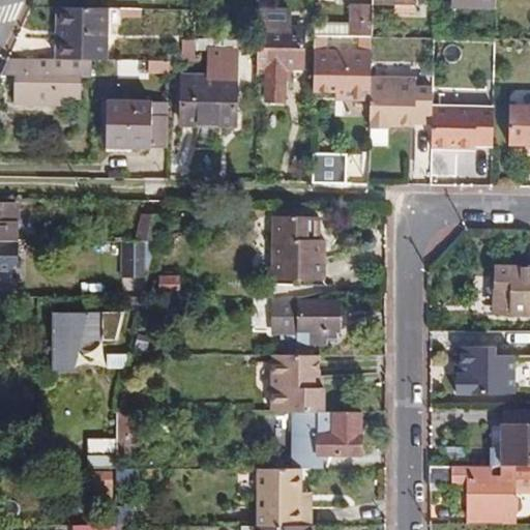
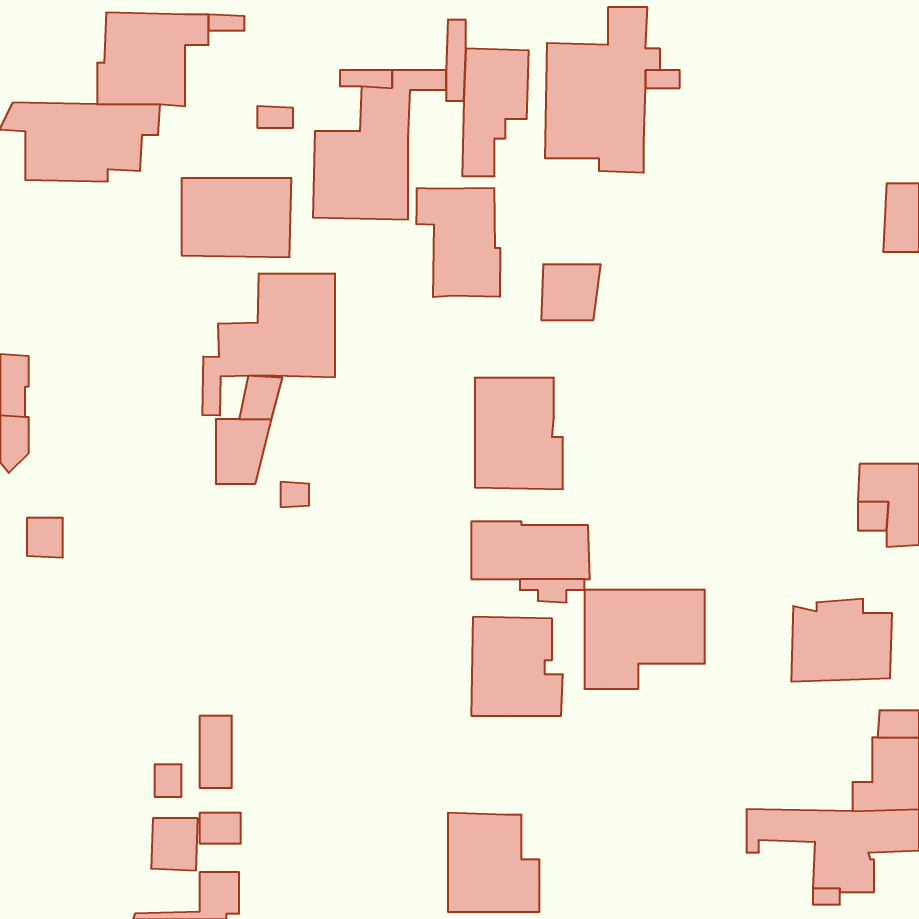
building: [370,82,494,149] -> none
building: none -> [416,188,500,297]
building: none -> [202,273,335,416]
building: [51,314,124,372] -> none
building: [291,412,360,469] -> [584,590,705,689]

